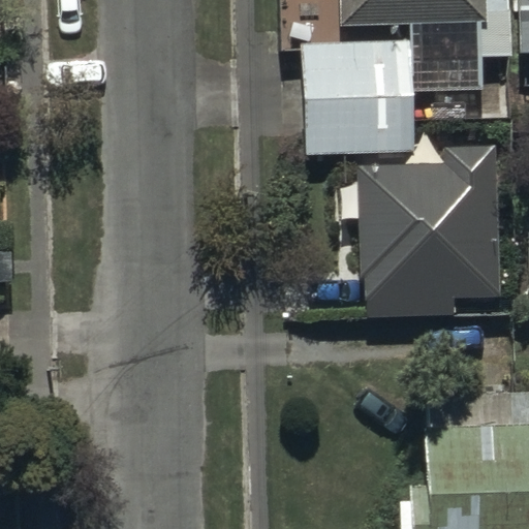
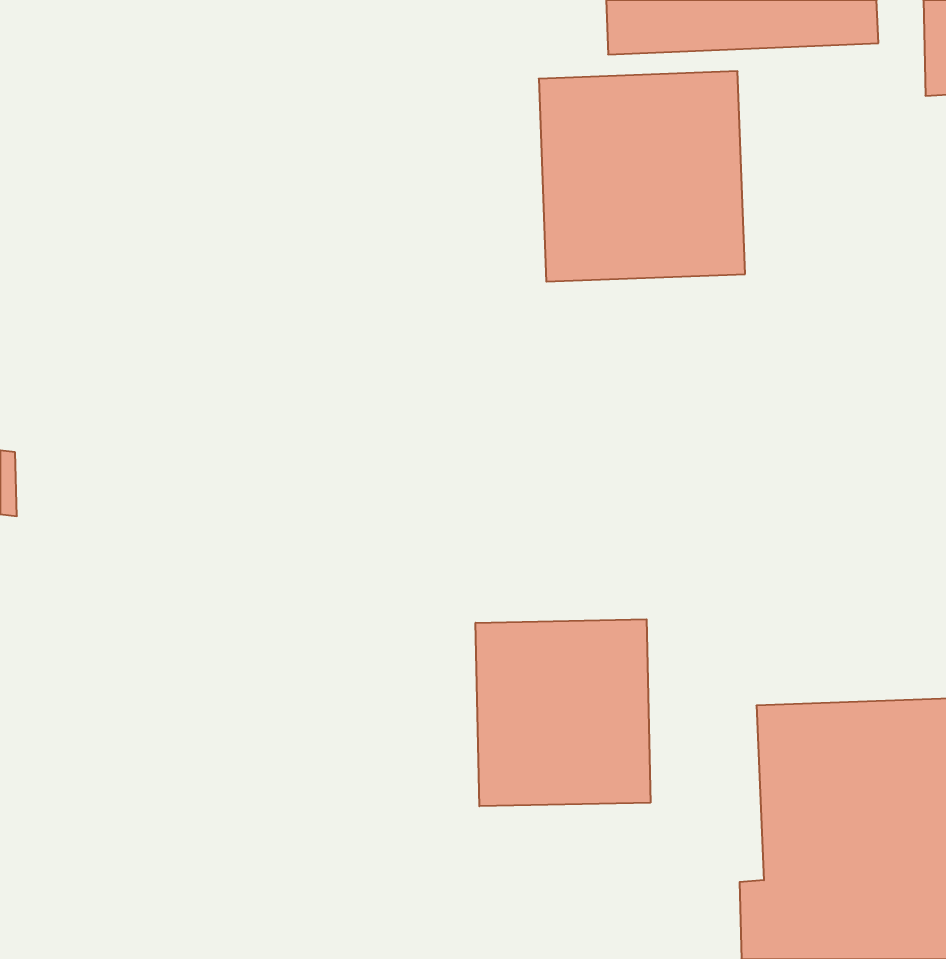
building: [359,147,500,312] -> none
building: none -> [476,619,650,806]

